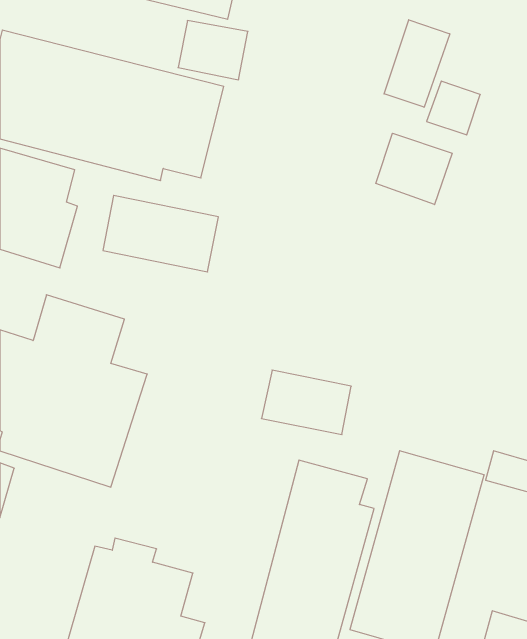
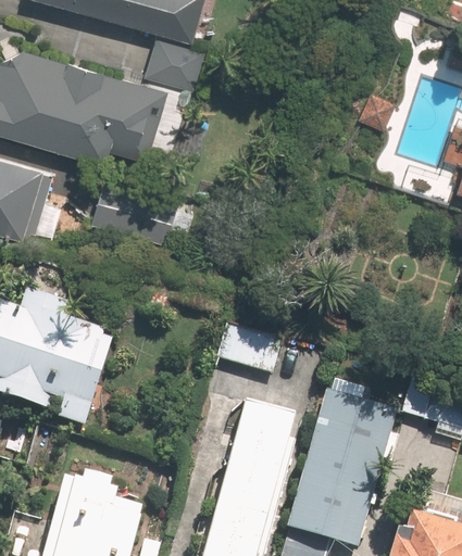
building: [384,20,450,107] -> none
building: [376,133,452,205] -> none

